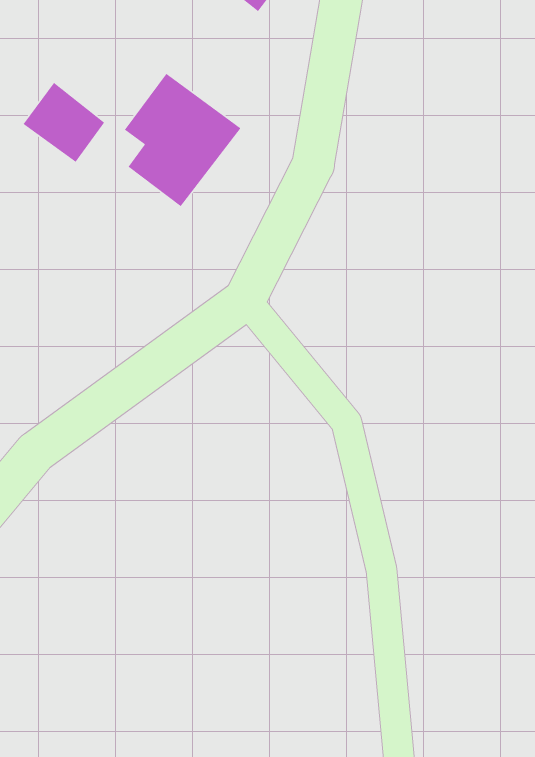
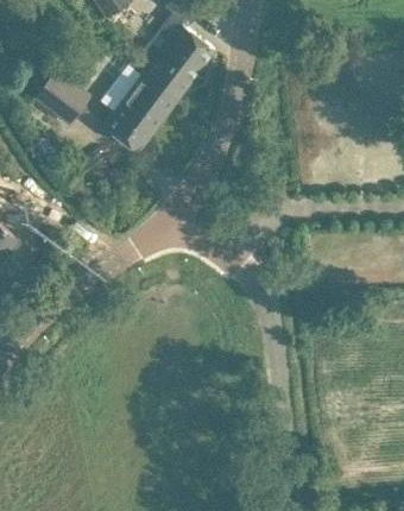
building: none -> [134,26,216,102]

